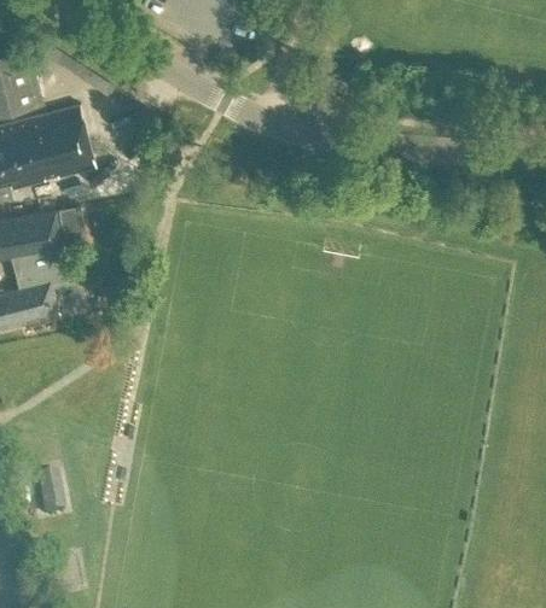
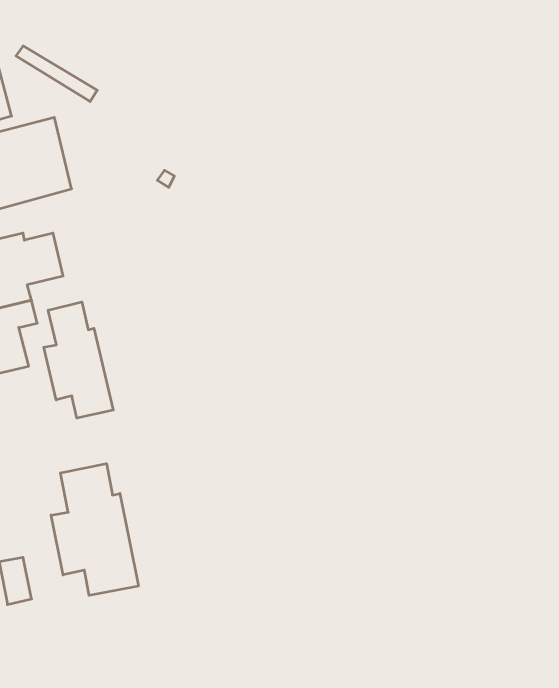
building: none -> [44,302,113,418]
building: none -> [51,464,138,595]

